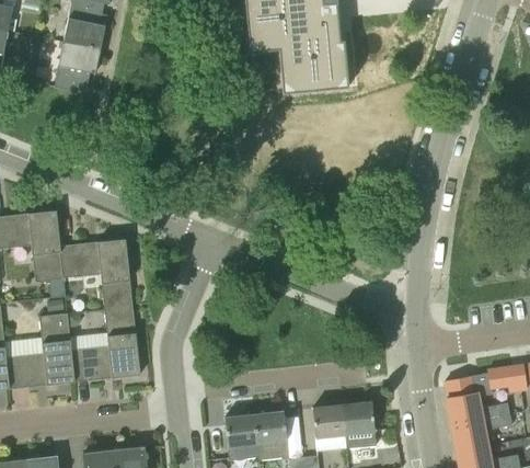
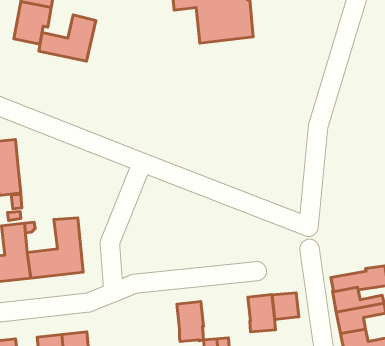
building: none -> [39,15,96,61]
building: [59,239,132,309] -> none
building: [312,404,345,437] -> [272,293,299,320]
building: [223,413,257,459] -> none

